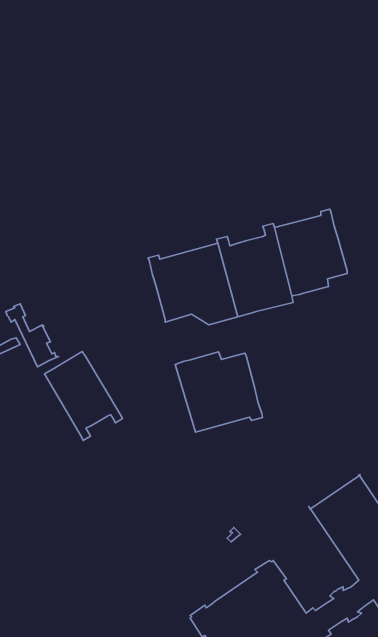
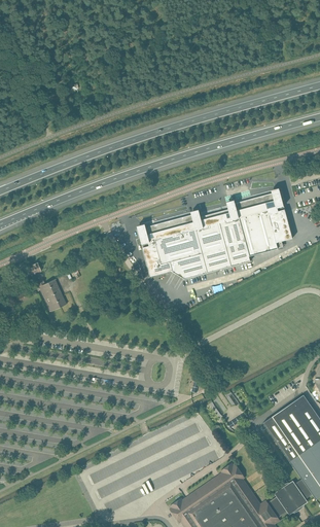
building: [44,352,122,440] -> none
building: [175,352,263,432] -> none

